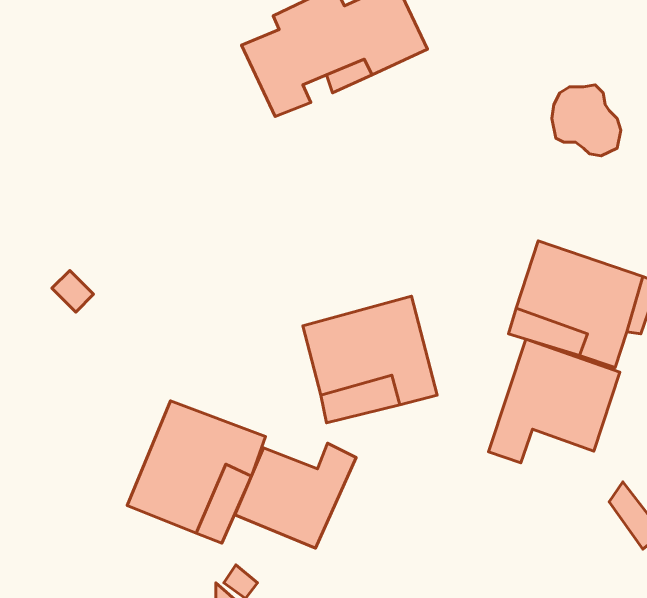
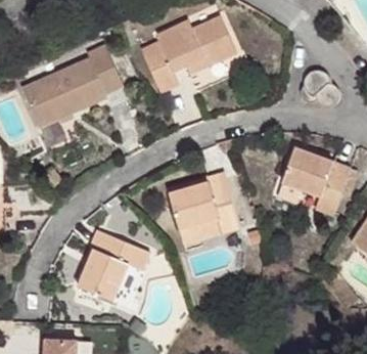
building: none -> [20,42,120,126]
building: [488,339,620,463] -> none
building: [235,443,356,548] -> none

